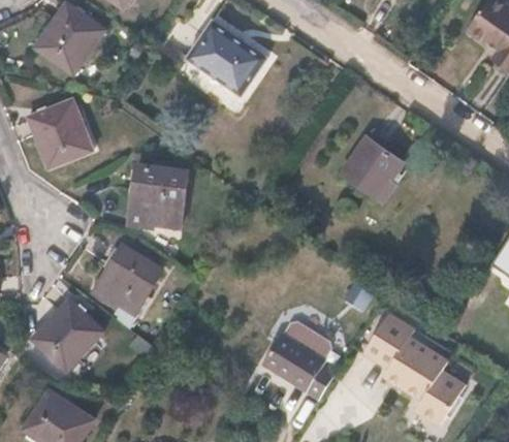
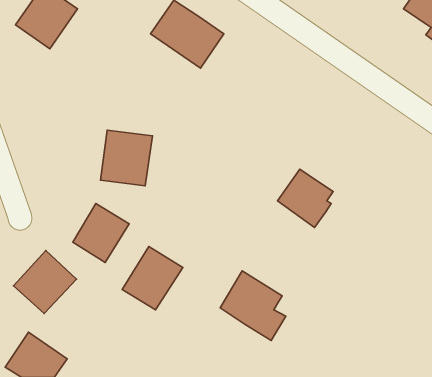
building: [29,99,93,166] -> none
building: [342,136,404,201] -> [278,169,333,228]
building: none -> [122,246,183,310]
building: [363,312,466,424] -> none

